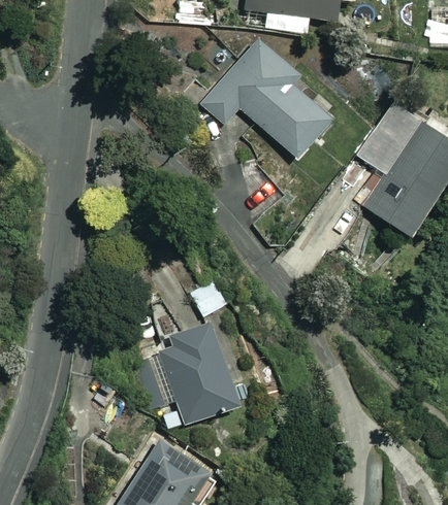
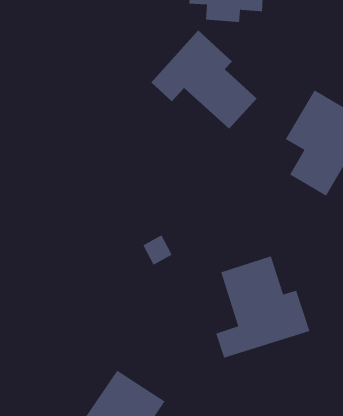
building: none -> [216,255,310,359]
building: [156,317,244,428] -> none

